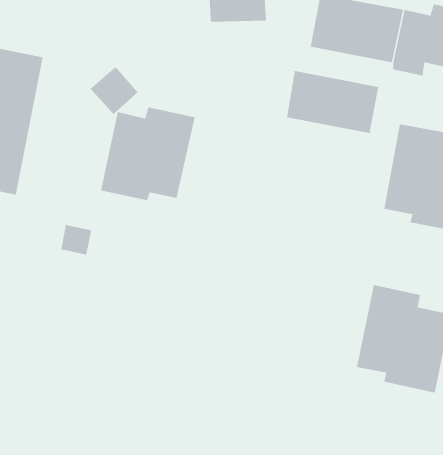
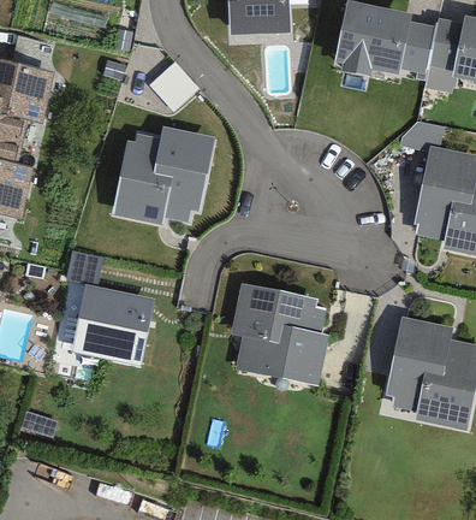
building: [90,66,138,115] -> [148,58,200,110]
building: [286,70,379,134] -> none
building: none -> [227,283,326,384]
building: none -> [69,284,151,365]

